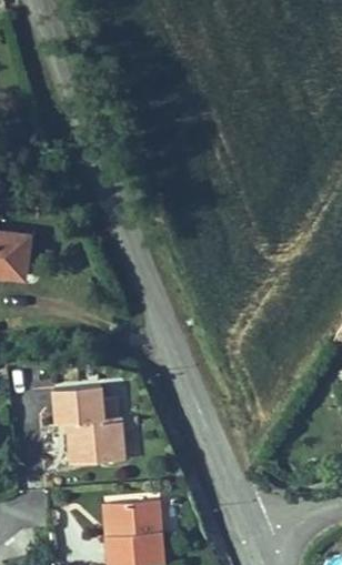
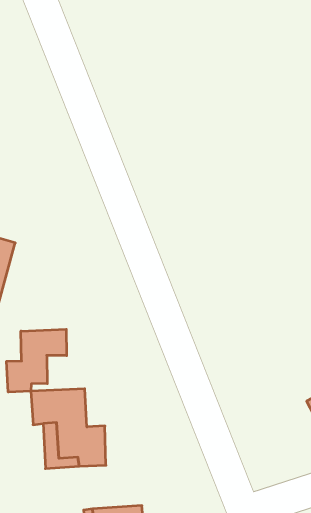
building: none -> [7,329,67,392]

